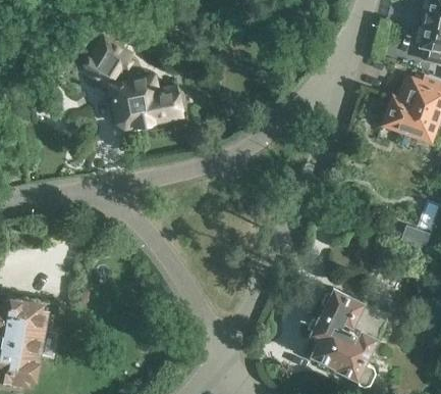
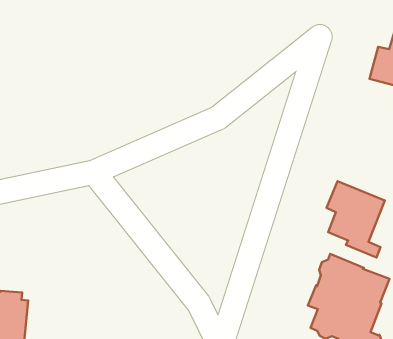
building: [86,41,181,129] -> none
building: none -> [326,181,385,257]

